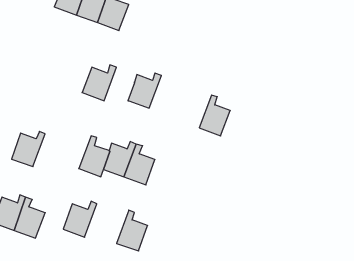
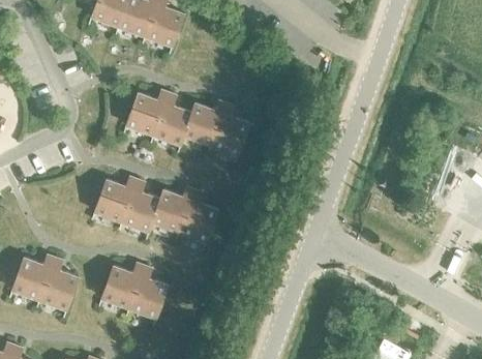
building: none -> [153,93,191,145]
building: [199,95,230,136] -> [210,103,249,155]
building: [12,131,45,167] -> [94,177,137,221]
building: [117,210,148,251] -> [128,266,168,318]

